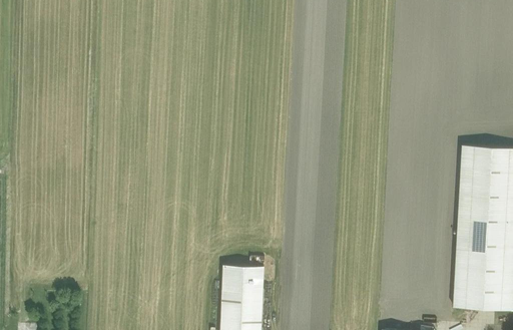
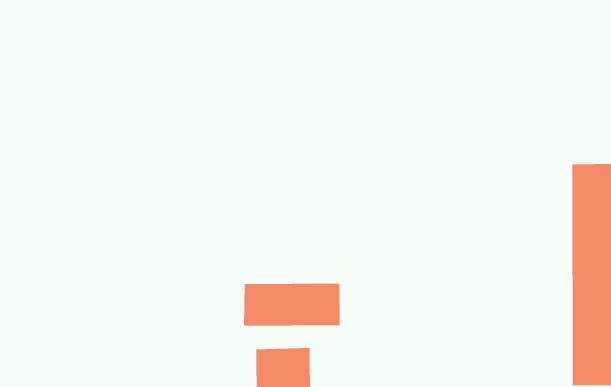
building: none -> [243,283,341,327]

